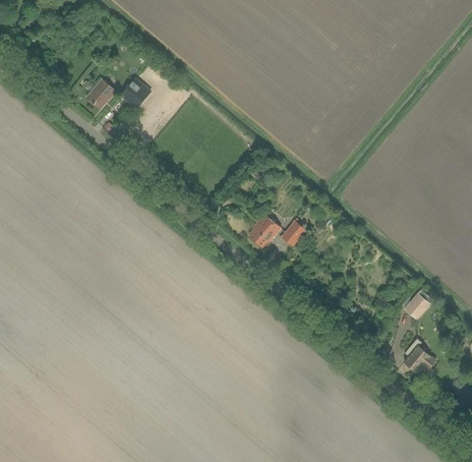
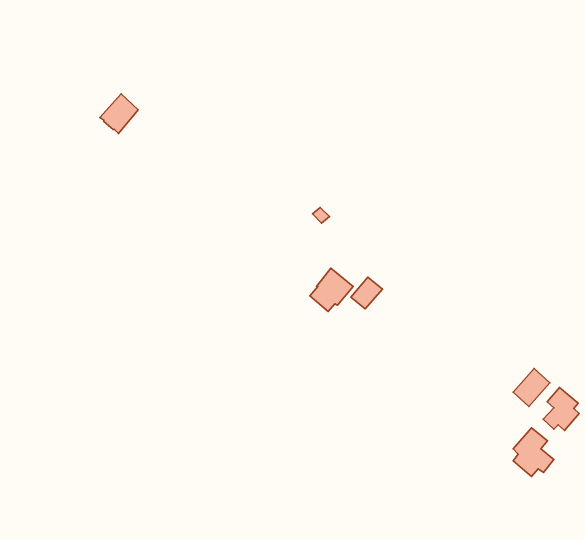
building: [120,78,151,109] -> none
building: none -> [543,388,579,431]

